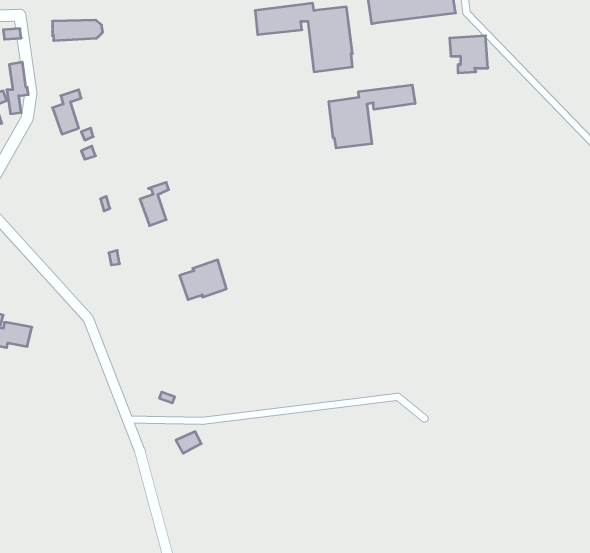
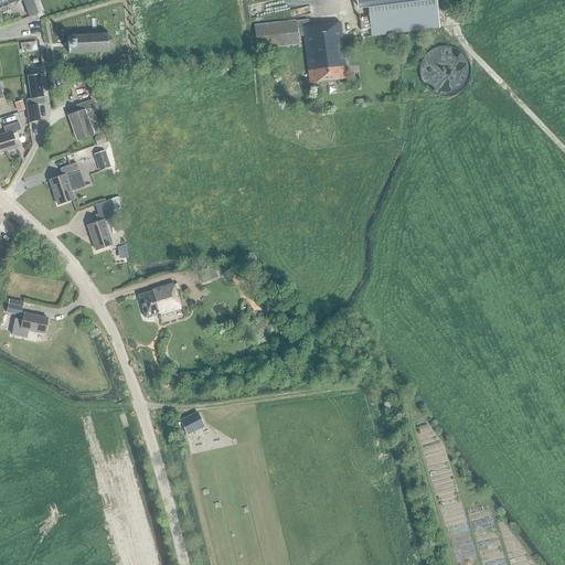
building: [329,85,415,148] -> none
building: none -> [49,161,85,204]
building: [140,182,169,226] -> [87,209,114,248]
building: [180,260,226,300] -> [138,280,181,317]

